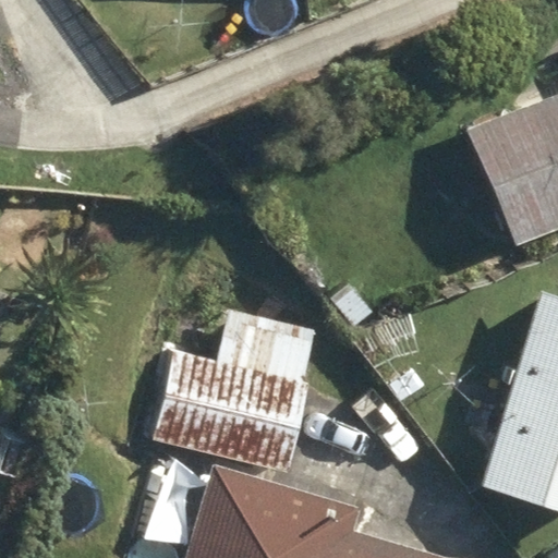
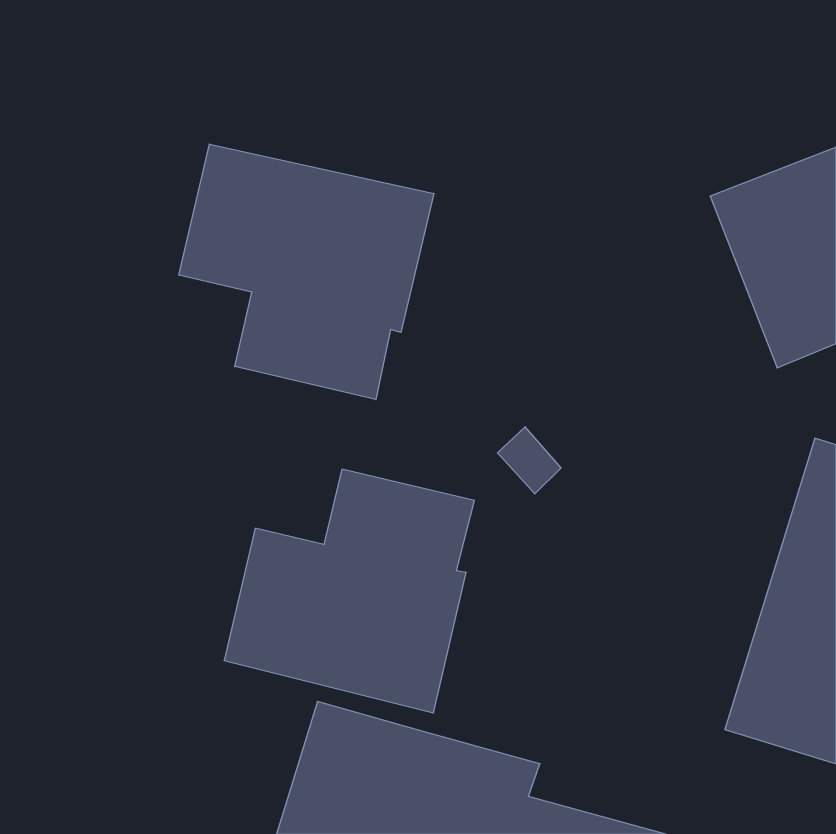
building: none -> [179,144,434,400]

